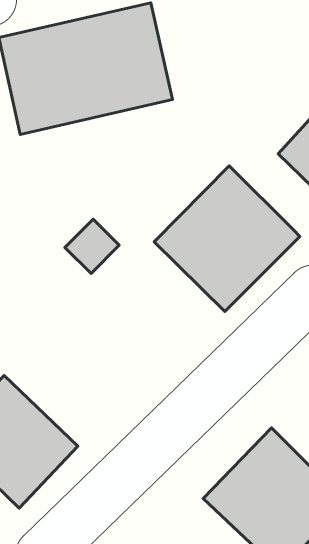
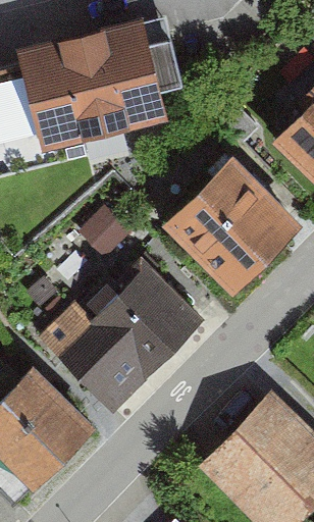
building: none -> [52,252,201,402]

